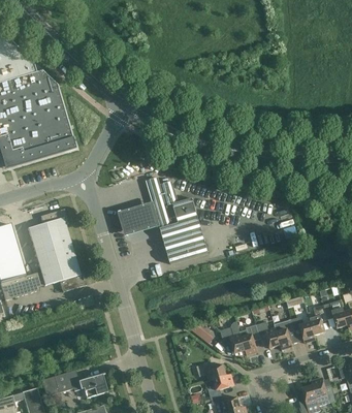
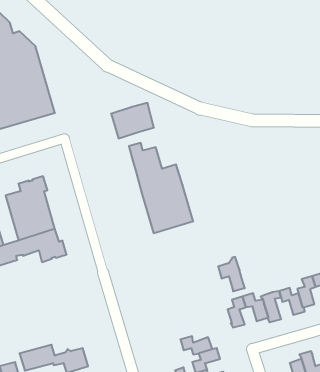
building: [118,201,159,235] -> [111,103,154,138]
building: [220,320,246,353] -> [218,257,245,291]

